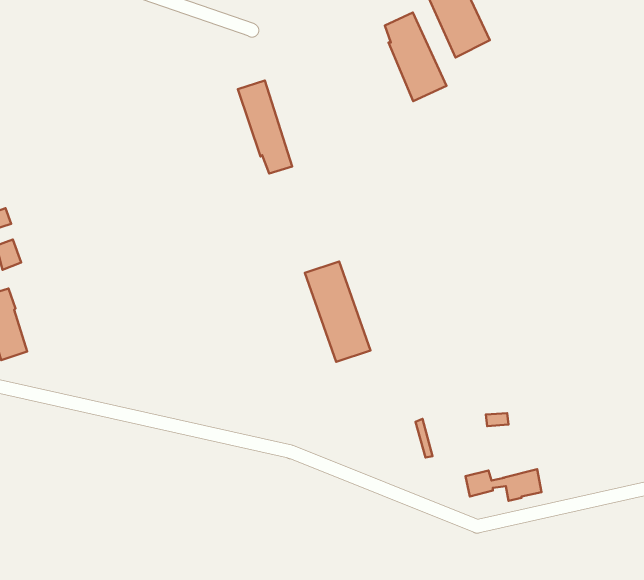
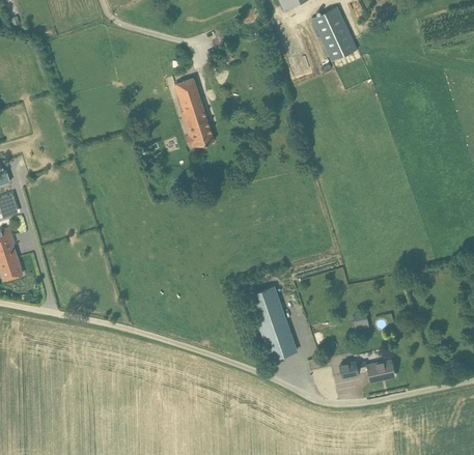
building: [385,13,446,101] -> none
building: [305,261,371,362] -> [249,286,297,359]

